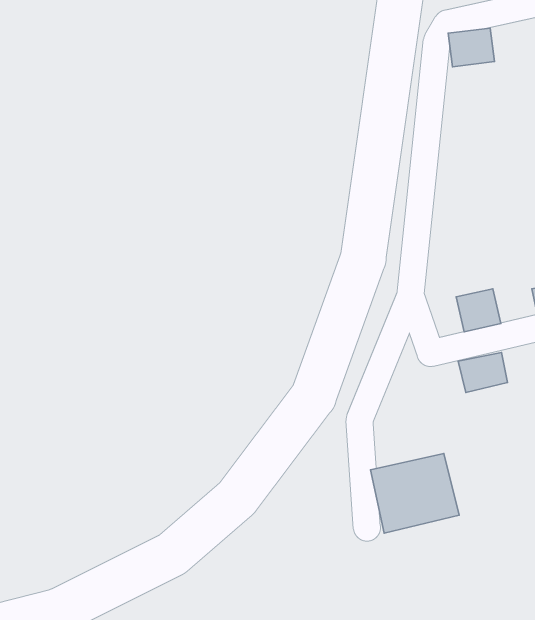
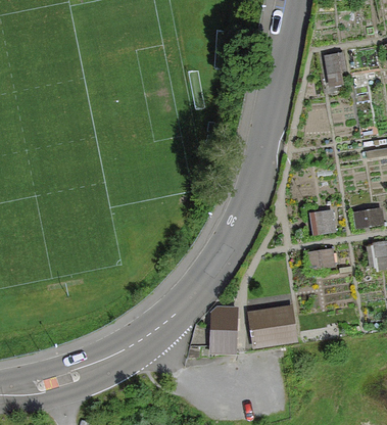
building: none -> [211,306,241,355]

